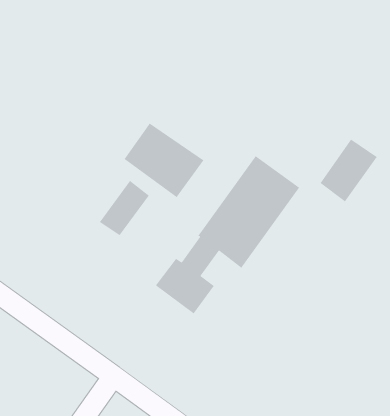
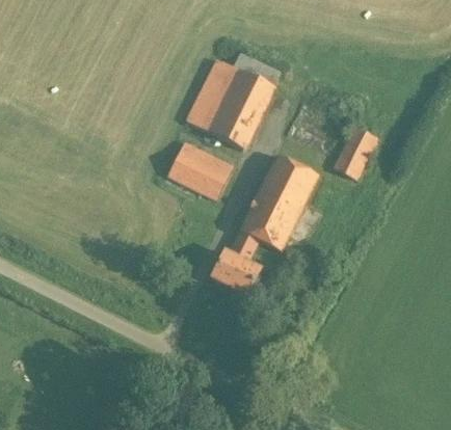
building: none -> [186,57,274,147]
building: [99,180,150,236] -> none

